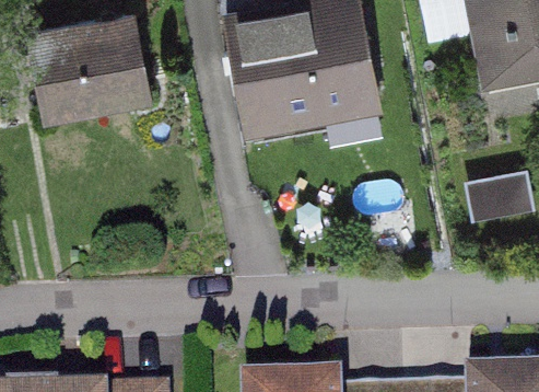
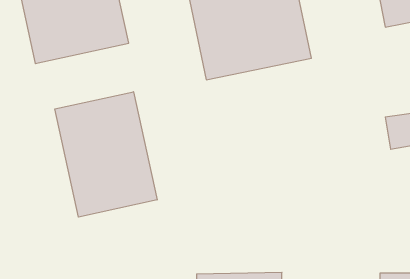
building: none -> [55,92,157,217]

